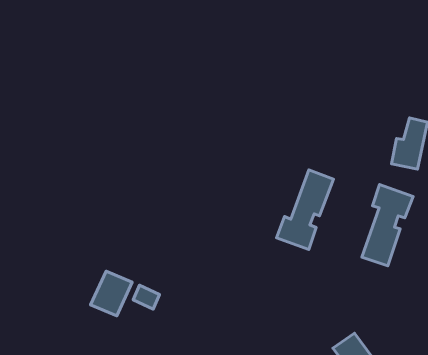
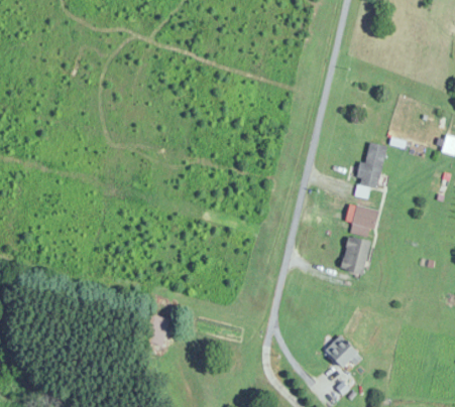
building: [276,170,333,249] -> none
building: [90,271,132,316] -> none

